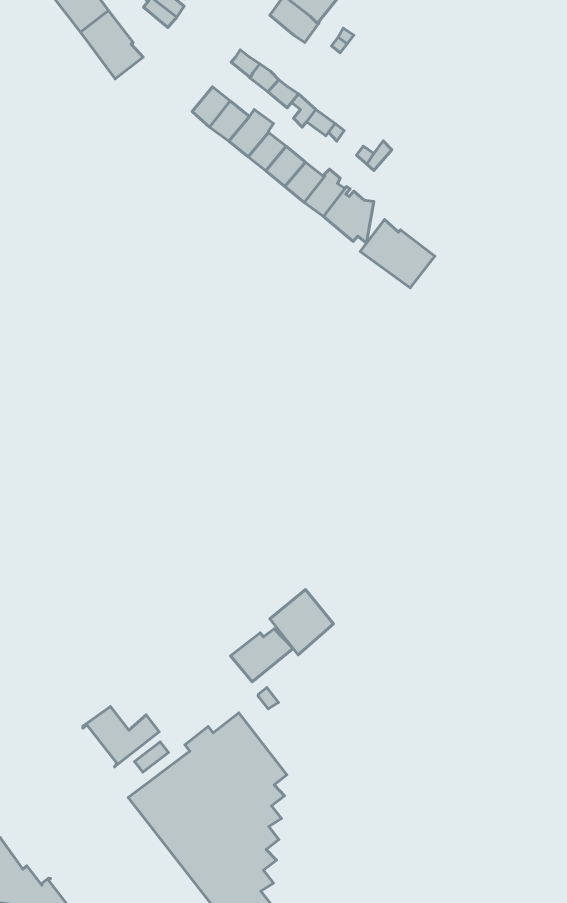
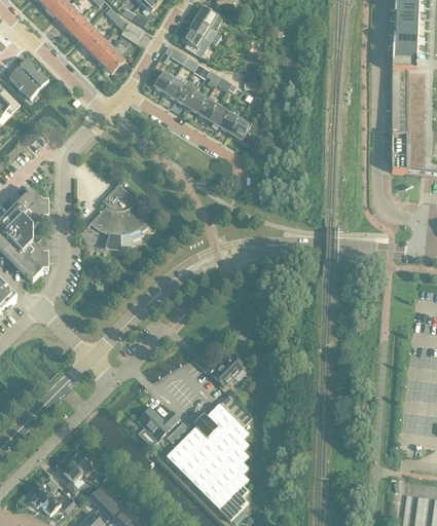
building: none -> [181,28,209,55]
building: [360,220,435,288] -> none
building: none -> [89,183,150,245]
building: [270,590,333,655] -> none

